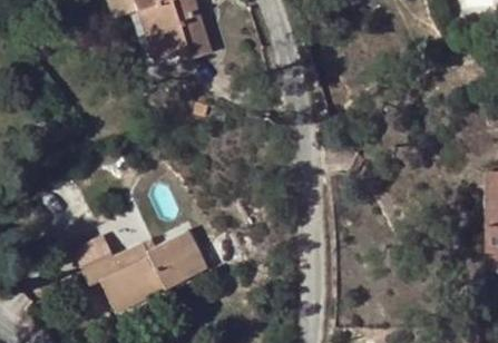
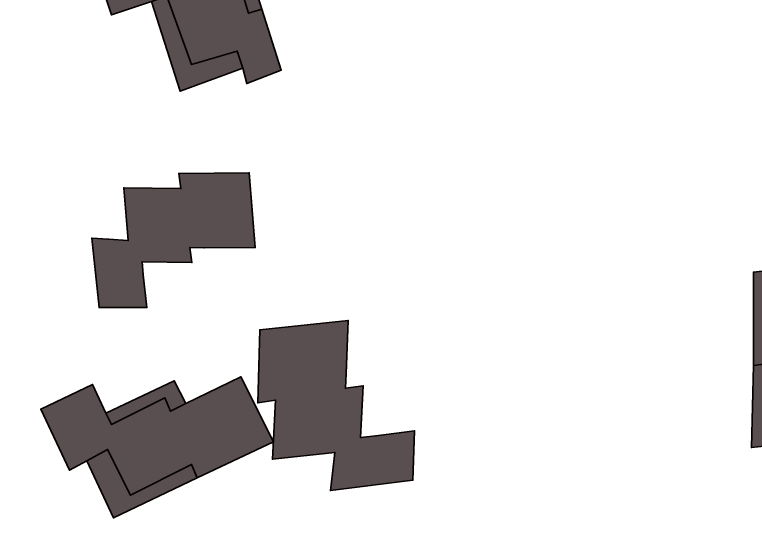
building: none -> [92,173,255,308]
building: none -> [258,321,414,490]

